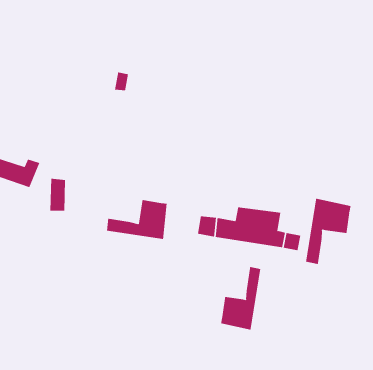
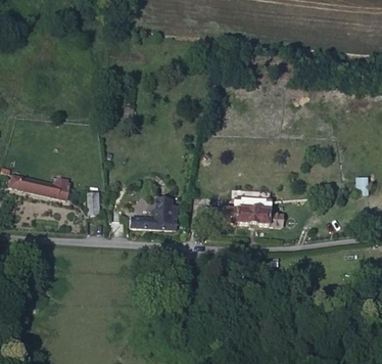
building: [306,198,351,265] -> none
building: [220,266,261,330] -> none

